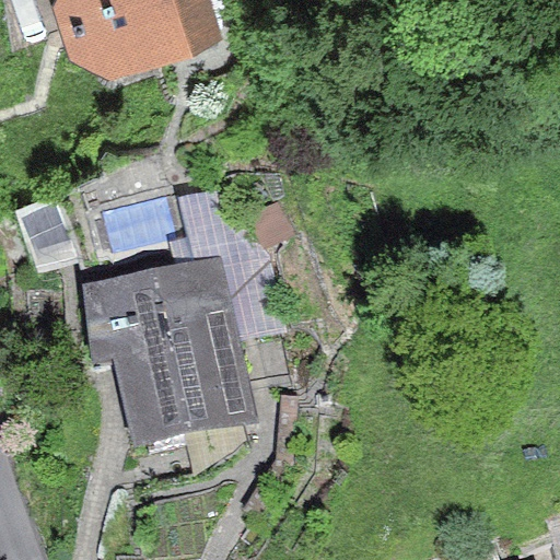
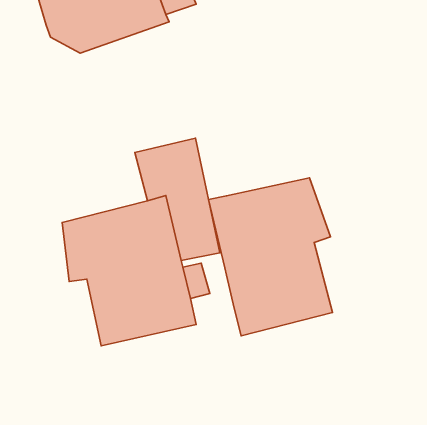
building: none -> [208,178,332,336]

